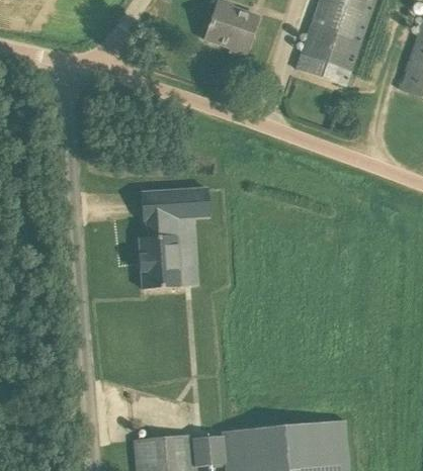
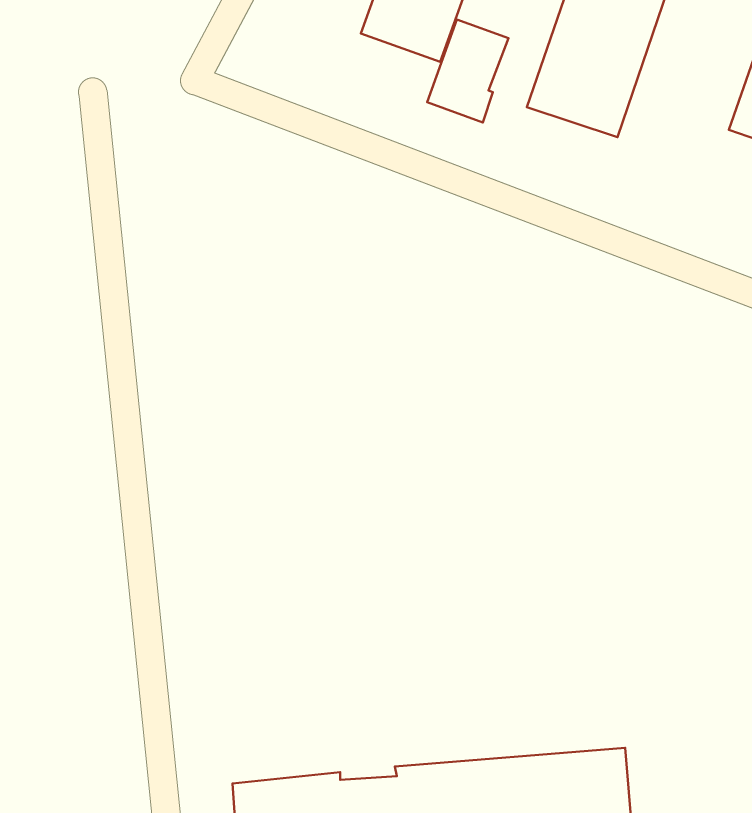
building: none -> [427,20,508,122]
building: [139,189,209,289] -> none

